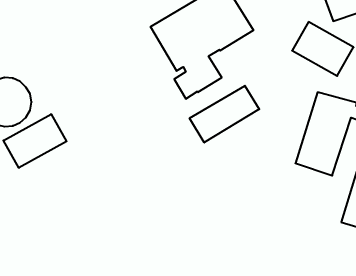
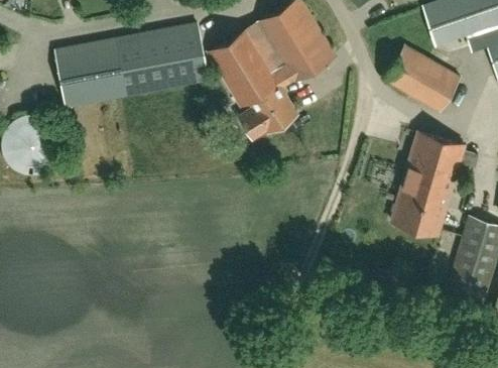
building: none -> [57,24,210,108]
building: [190,86,259,143] -> none
building: [3,114,67,168] -> none

